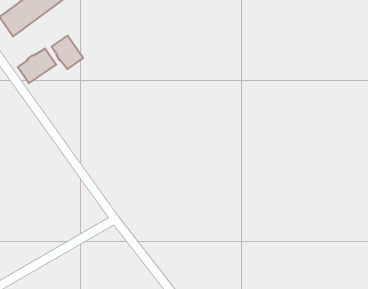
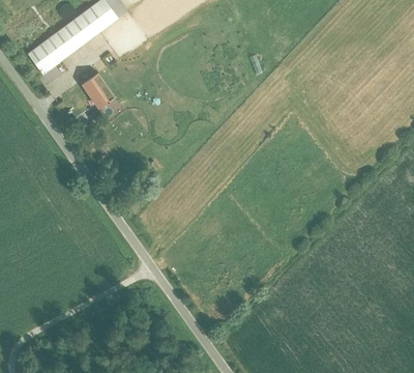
building: [18,48,56,83] -> none

